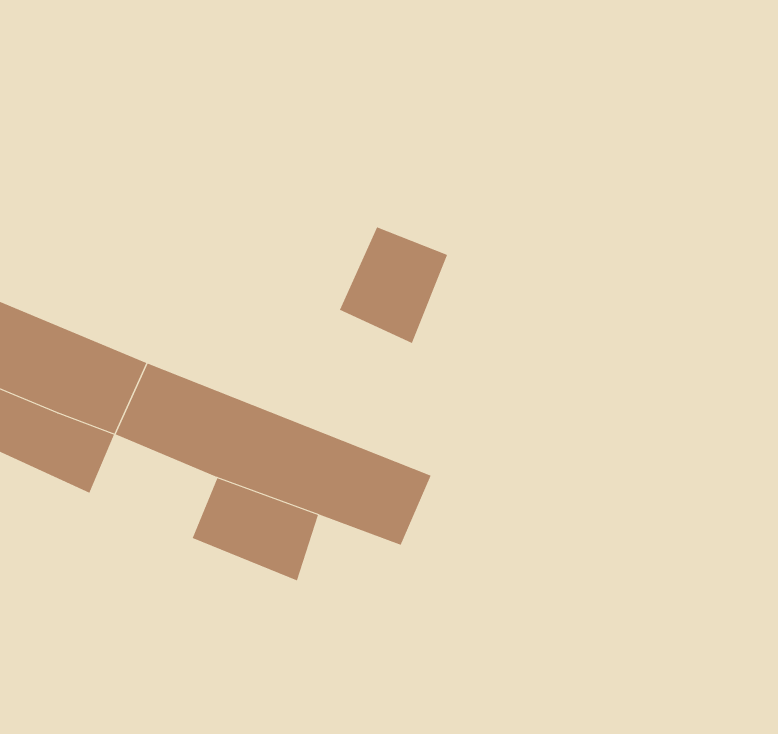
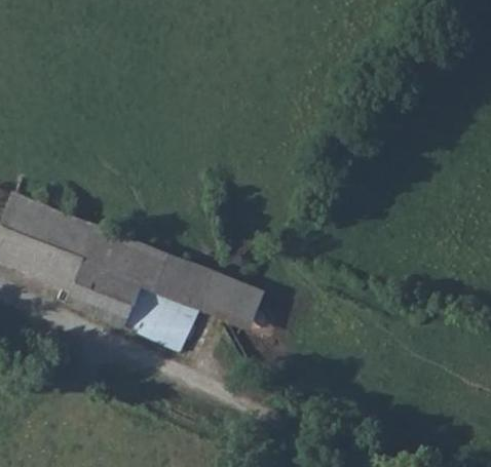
building: [339,227,448,344] -> none
building: none -> [61,266,138,334]

